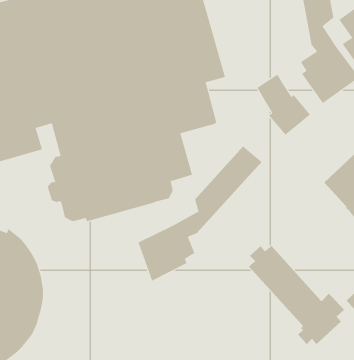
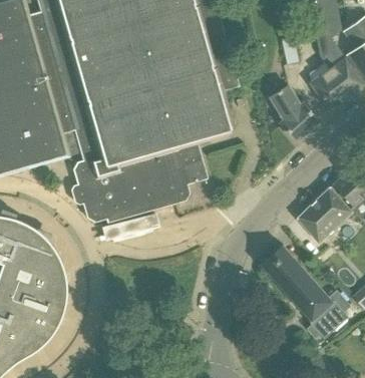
building: [138,145,262,282] -> none
building: none -> [297,188,351,242]

